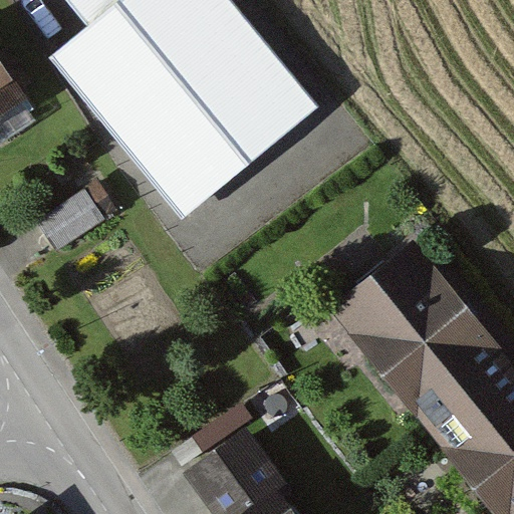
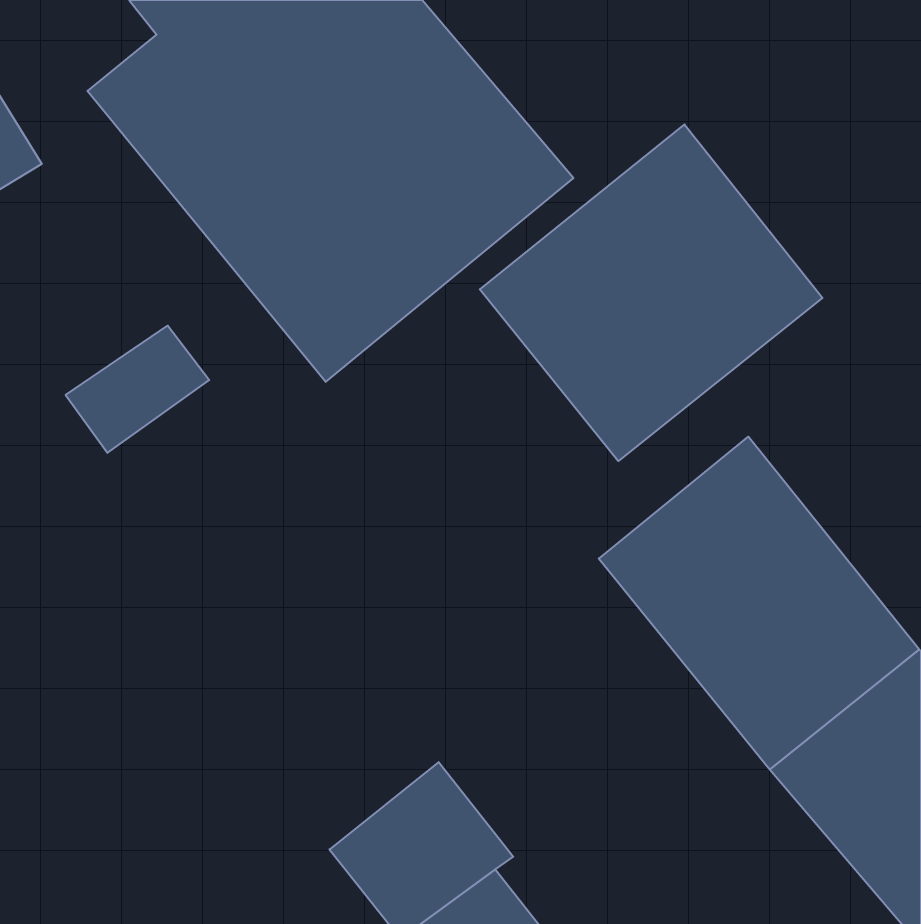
building: none -> [480,124,822,461]

